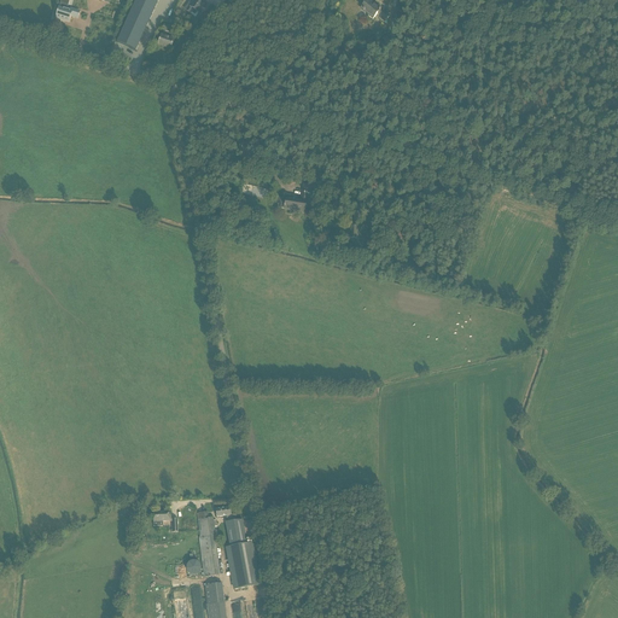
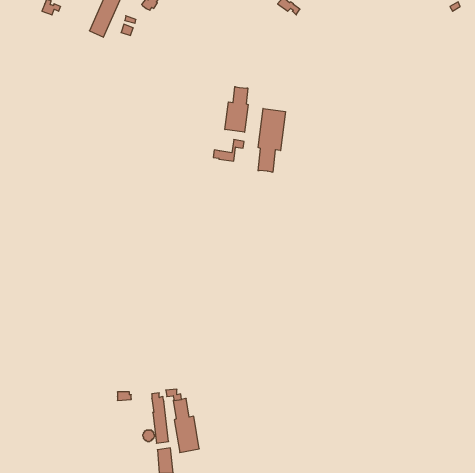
building: none -> [225,87,248,132]
building: none -> [258,108,285,172]

